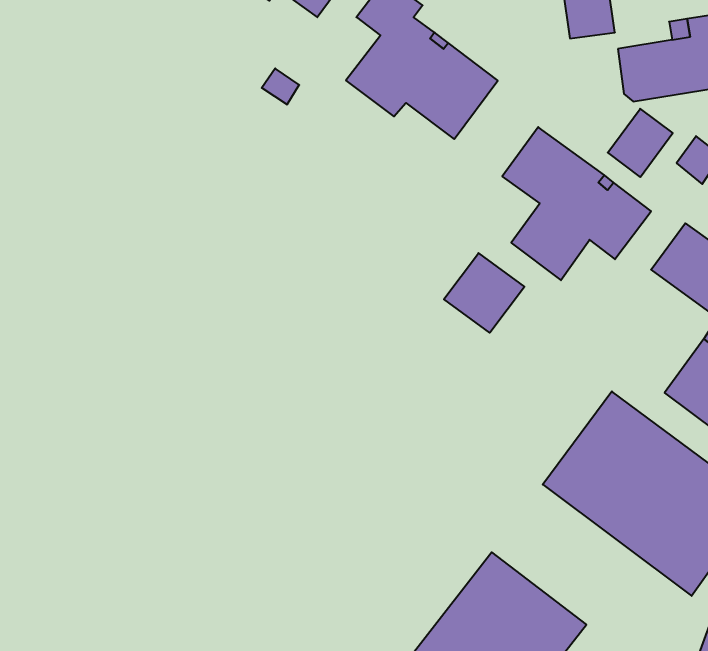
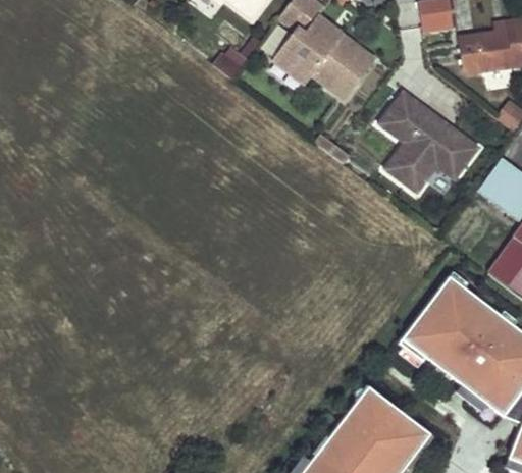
building: [608,109,673,177] -> none
building: [444,253,524,333] -> none

